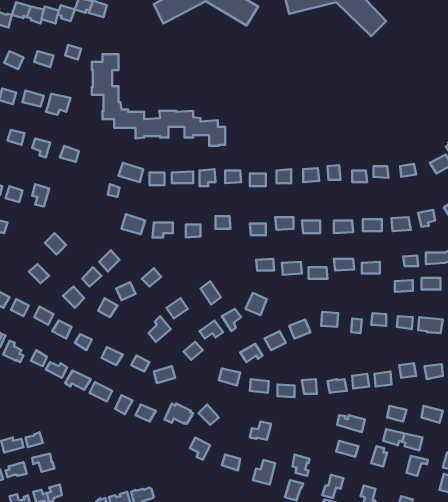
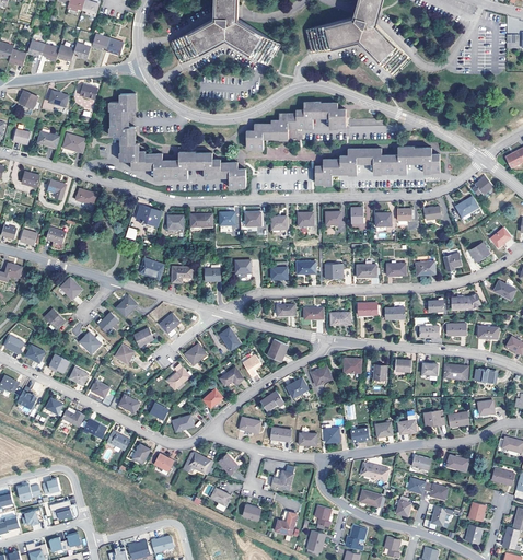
building: none -> [246,101,346,149]
building: none -> [314,145,440,184]

